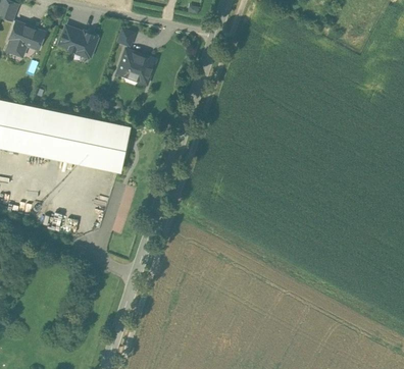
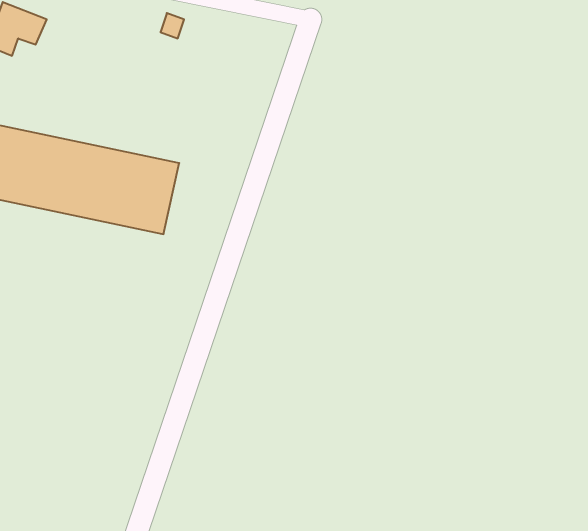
building: [58,27,97,58] -> none
building: [117,50,154,84] -> none

